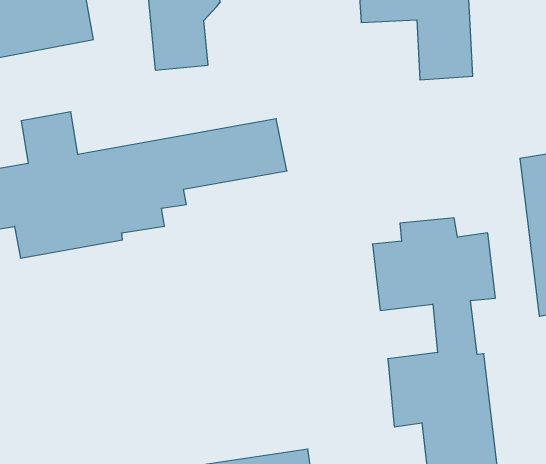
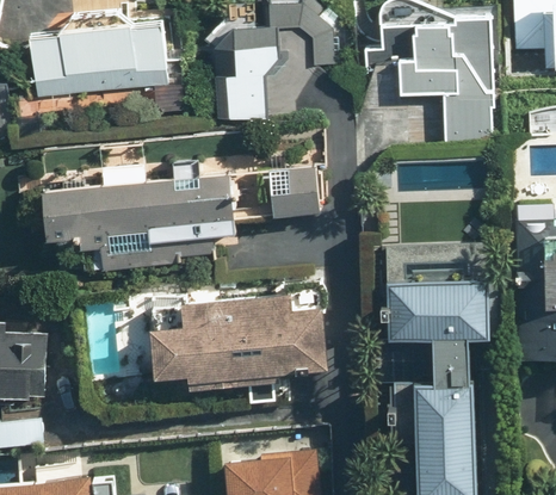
building: none -> [148,291,328,401]

